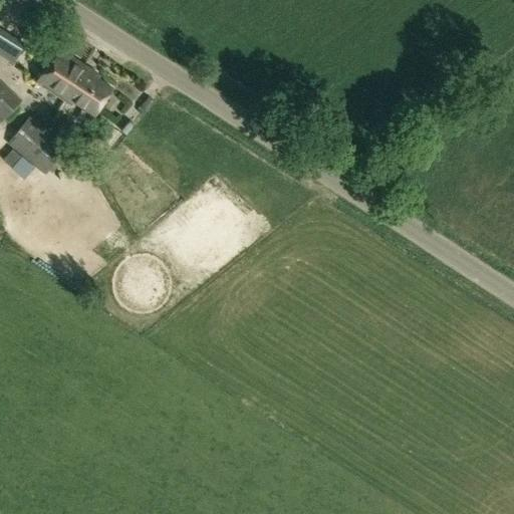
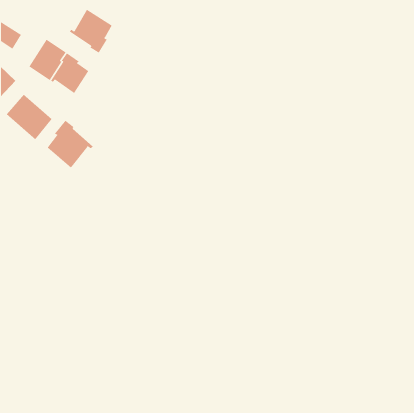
building: none -> [69,9,112,53]
building: none -> [47,120,93,168]

